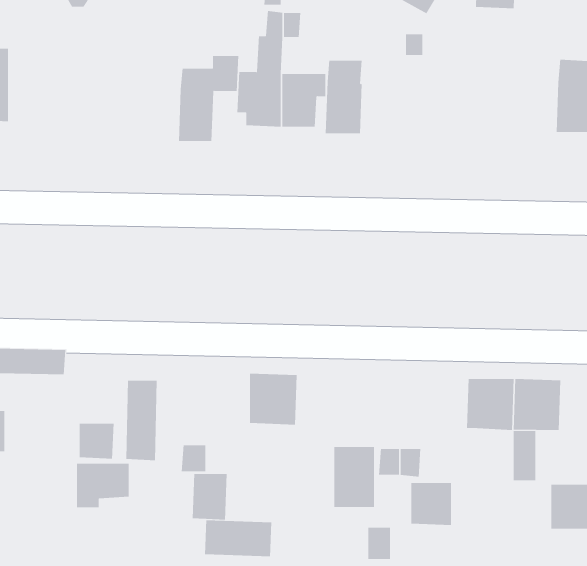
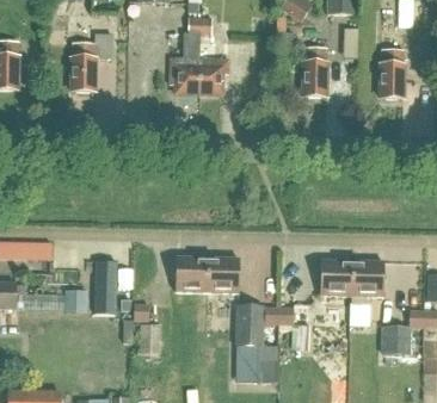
building: [178,56,239,142] -> [70,33,111,91]
building: [325,60,363,134] -> [302,46,327,95]
building: none -> [208,258,240,291]
building: [76,463,129,508] -> none
building: [205,519,272,557] -> none

